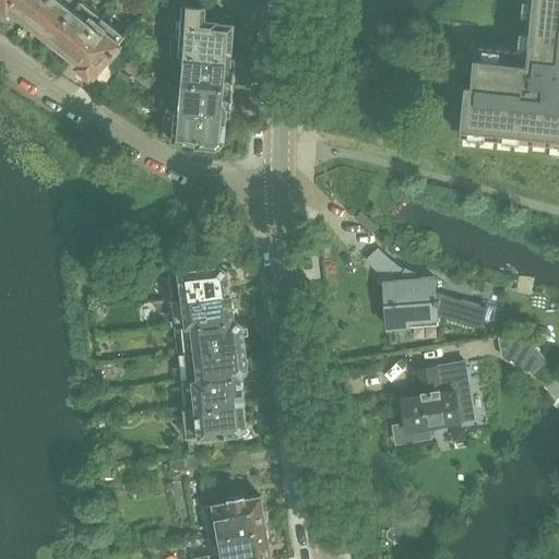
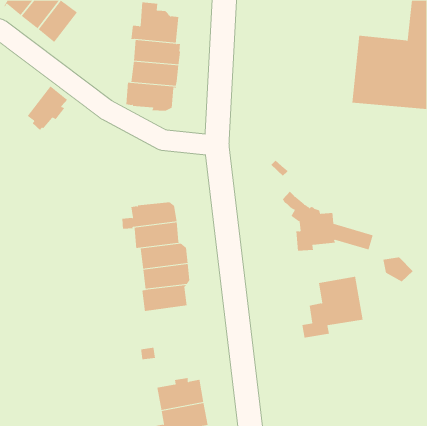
building: [71,19,124,78] -> [27,86,68,131]
building: [185,401,247,439] -> none

